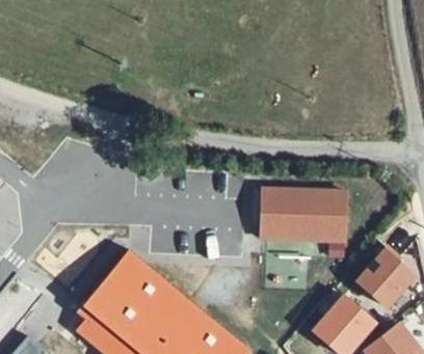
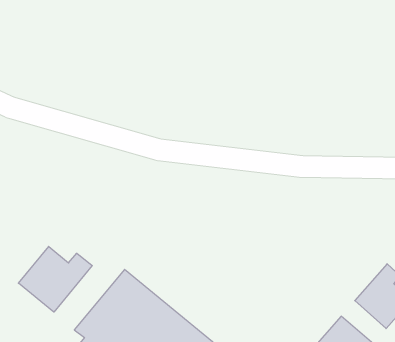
building: [262,188,342,243] -> none
building: none -> [18,246,92,312]

